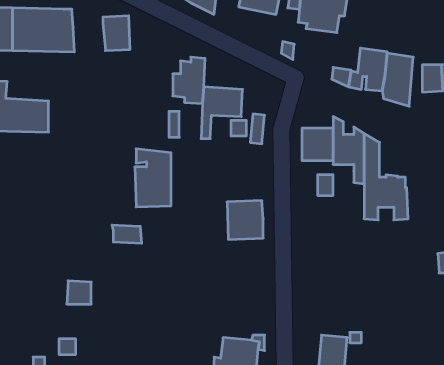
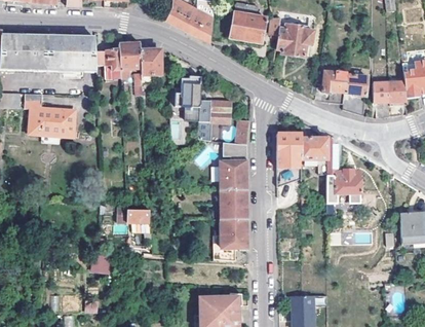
building: none -> [140,42,162,83]
building: none -> [95,48,121,74]
building: [135,149,171,207] -> [217,144,245,190]
building: none -> [219,219,246,259]

